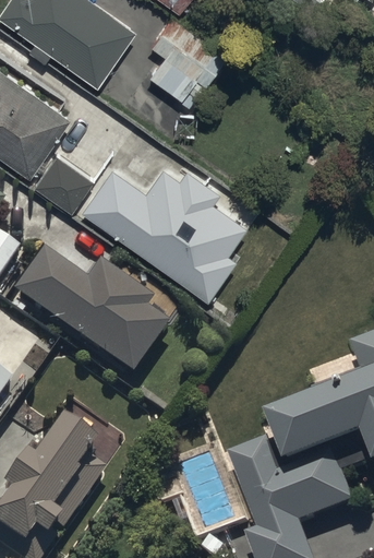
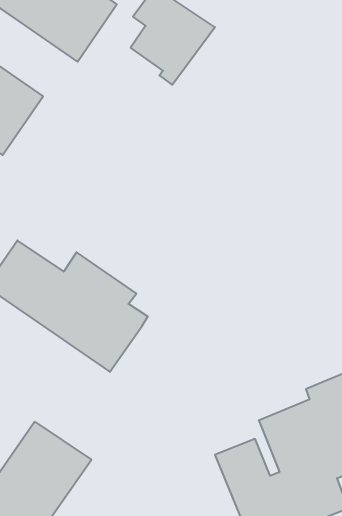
building: [34,145,96,204] -> none
building: [83,158,249,290] -> none

